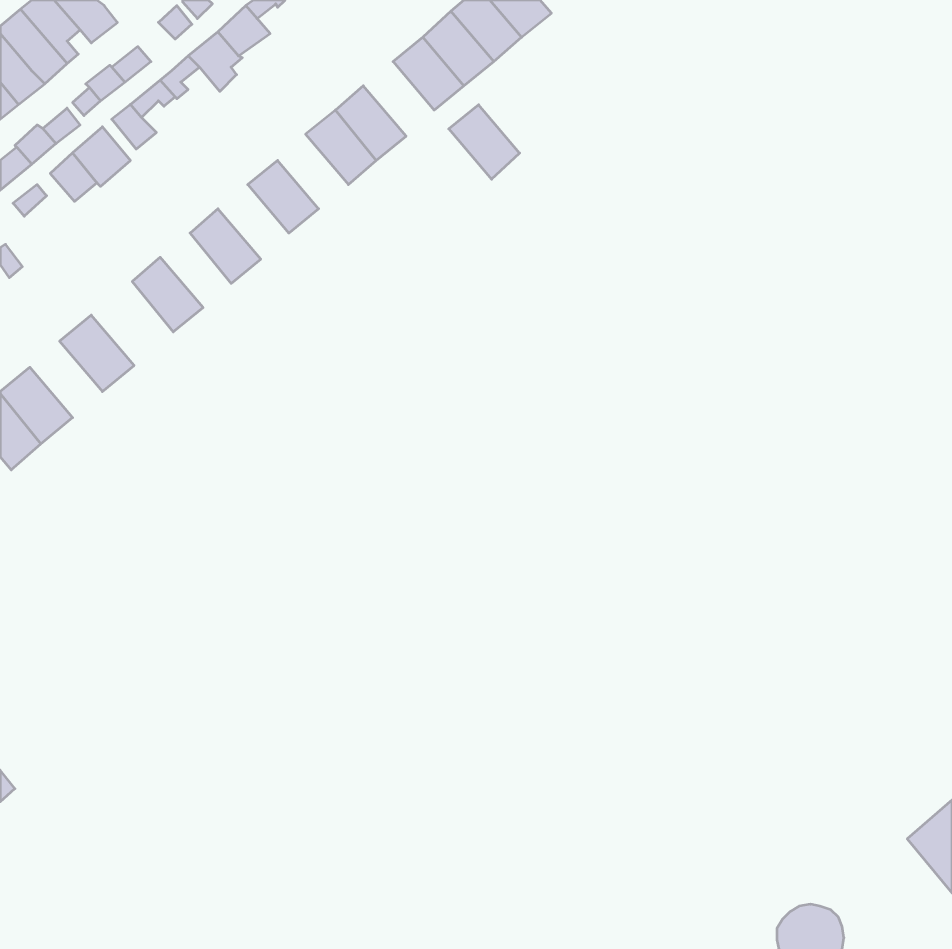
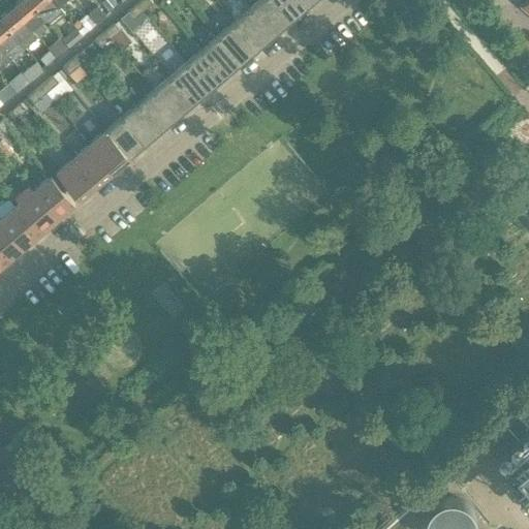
building: [449,105,520,179] -> [201,36,241,77]
building: none -> [154,76,193,118]
building: none -> [121,104,160,146]
building: none -> [89,131,128,173]
building: none -> [57,158,96,200]
building: none -> [17,191,57,234]

